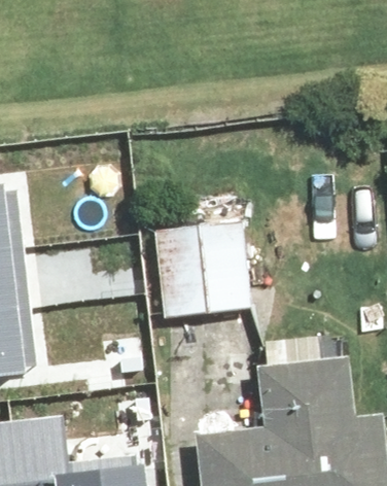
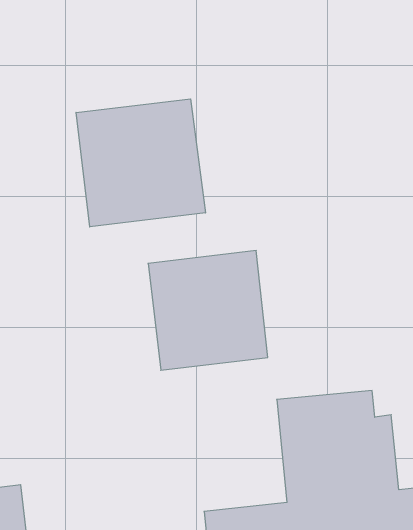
building: none -> [76,99,205,227]

